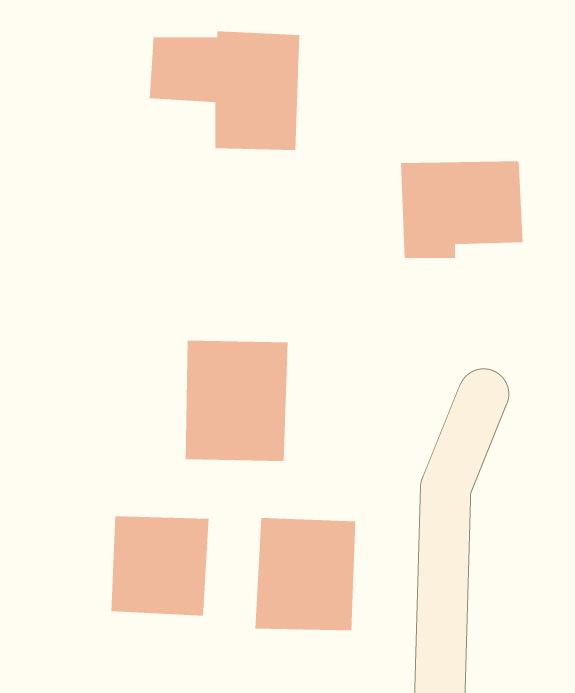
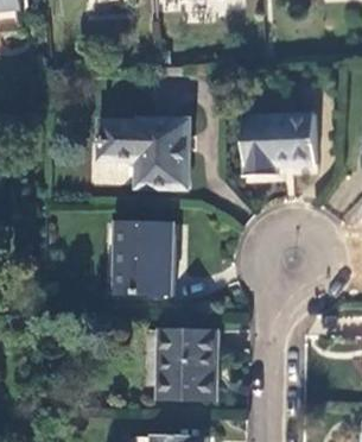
building: [149,31,300,150] -> [95,118,185,189]
building: [111,516,209,616] -> none

